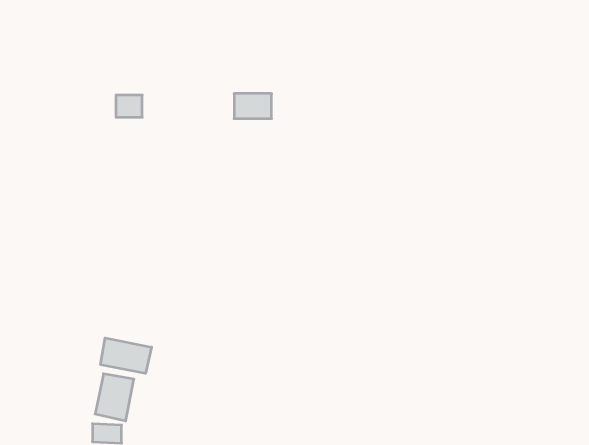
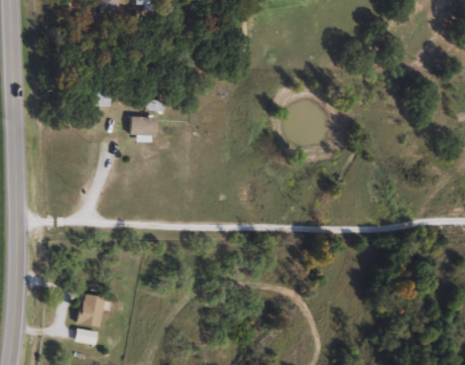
building: [234,94,272,119] -> [130,117,157,135]
building: [101,338,152,373] -> none

